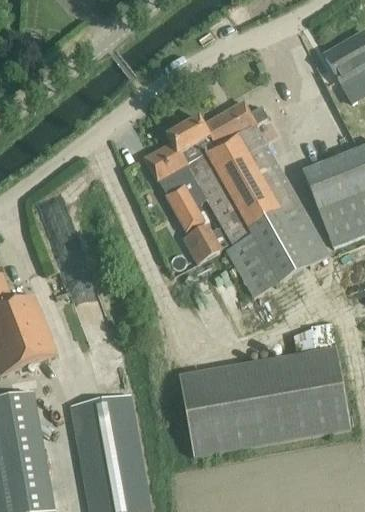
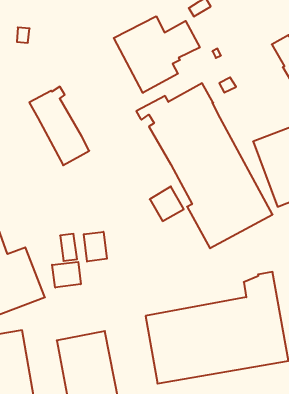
building: none -> [114,16,200,93]
building: [145,137,216,230] -> [29,87,89,165]
building: none -> [84,232,107,262]
building: none -> [52,262,81,288]

